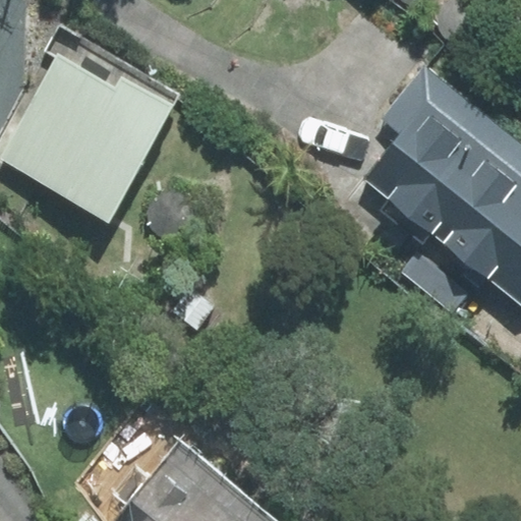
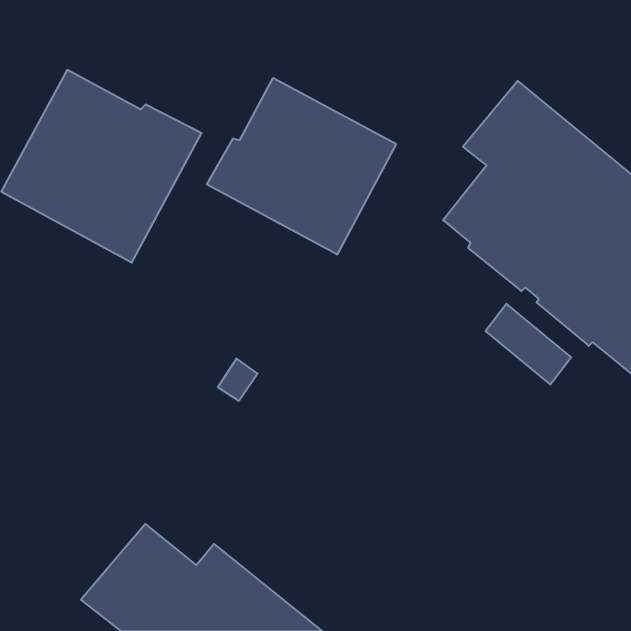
building: none -> [207,78,396,255]

